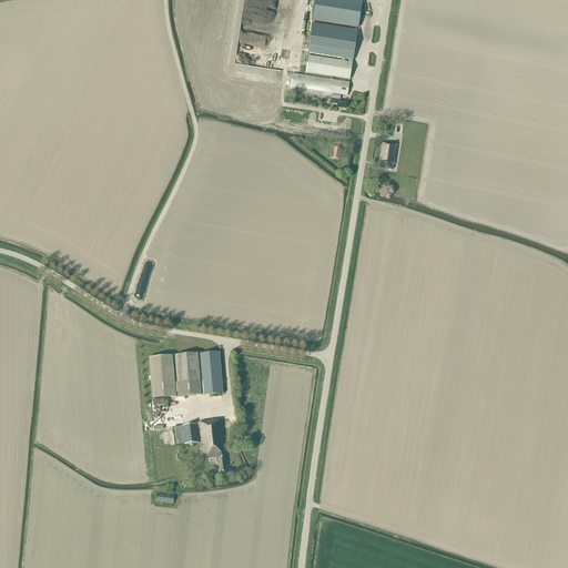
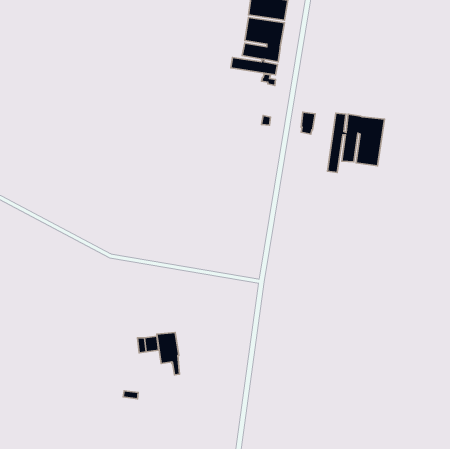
building: none -> [327,113,385,173]
building: [149,351,223,397] -> none

